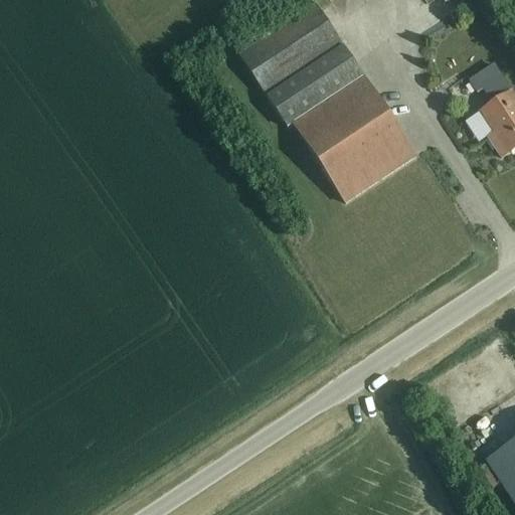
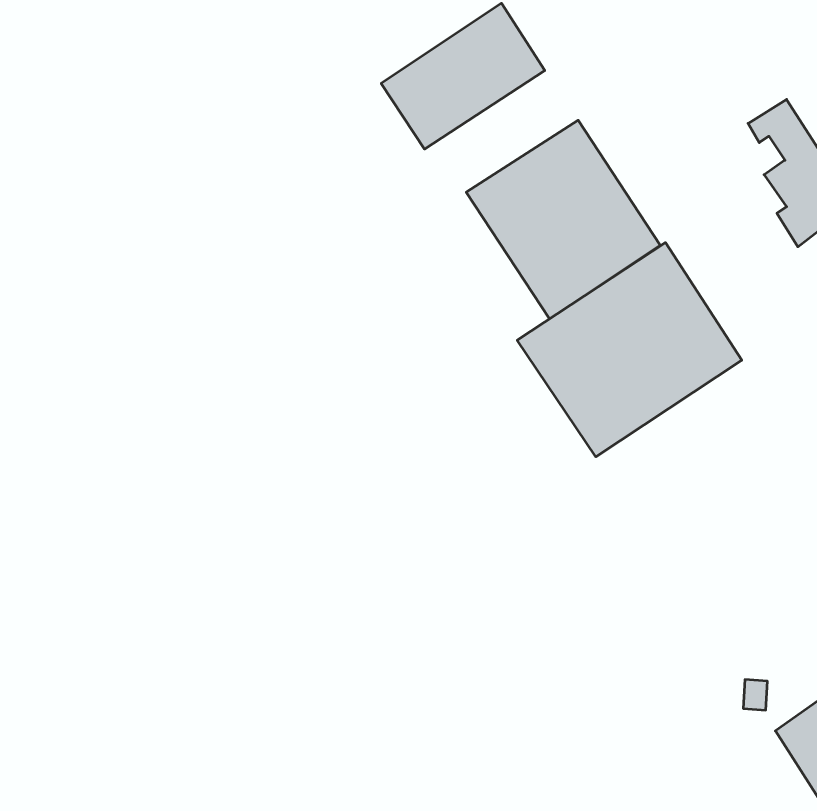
building: [268,44,364,125] -> none
building: none -> [517,243,742,457]

